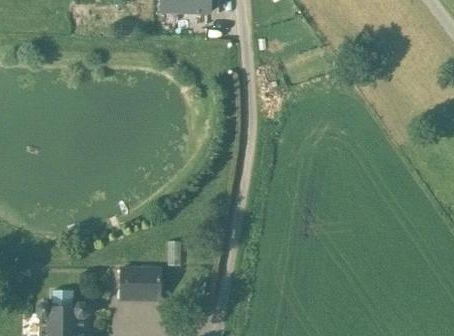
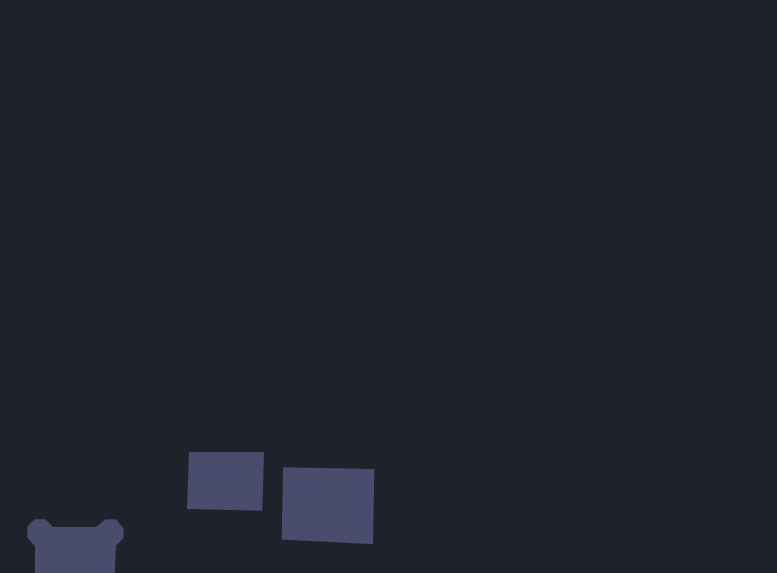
building: none -> [281,466,375,545]

